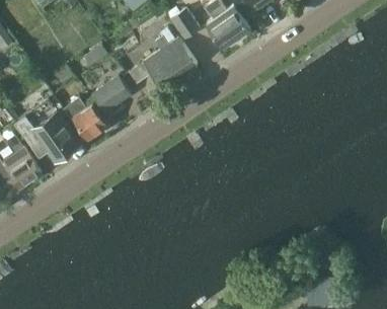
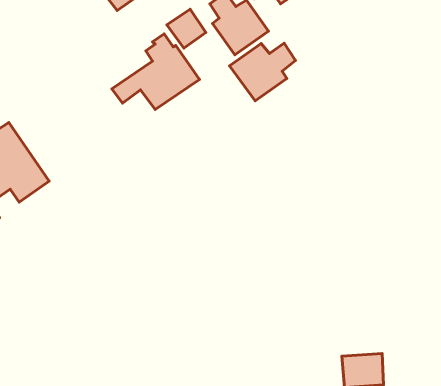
building: none -> [230,43,296,101]
building: [62,77,131,141] -> none

